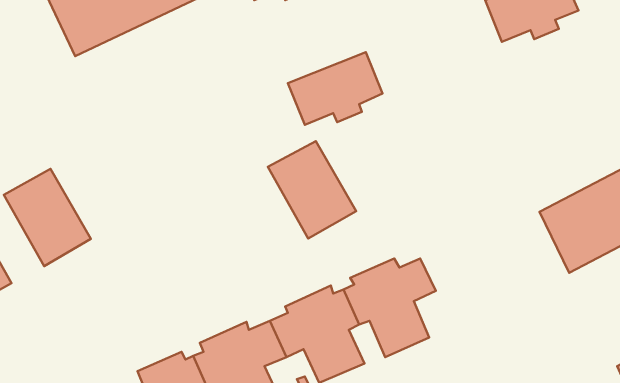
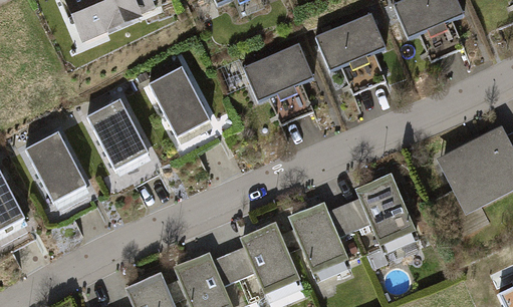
building: none -> [315,12,388,68]
building: none -> [84,100,152,176]
building: [268,141,356,238] -> [146,66,214,141]
building: none -> [344,175,421,251]

